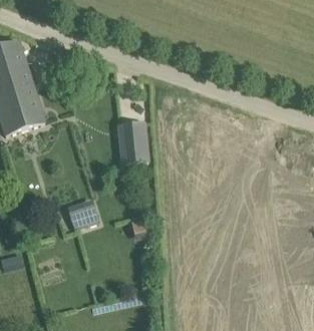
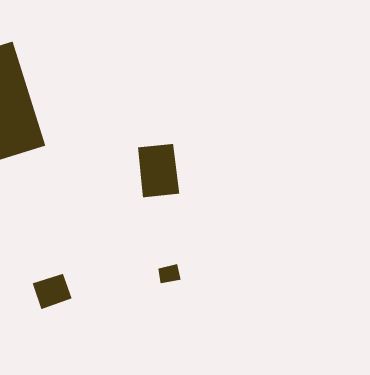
building: [66,200,98,229] -> [32,273,72,310]

